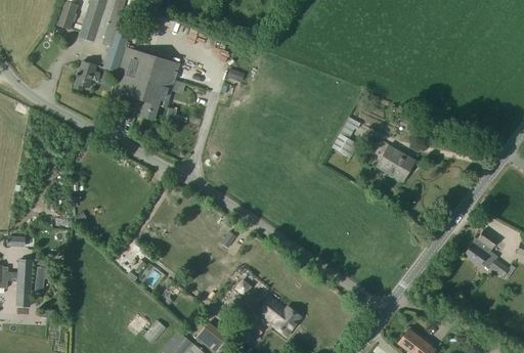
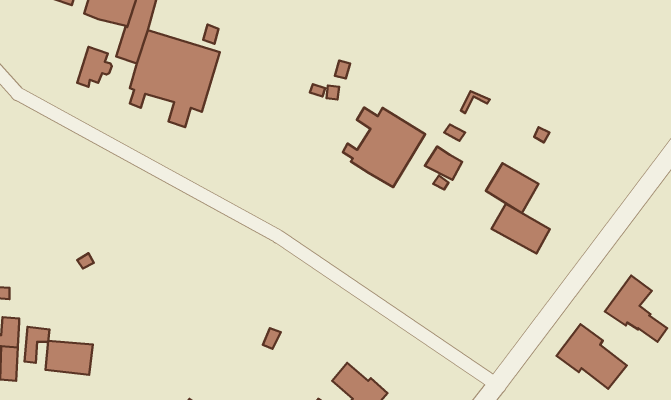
building: none -> [343,108,425,187]
building: none -> [491,204,550,254]
building: none -> [557,324,627,389]
building: none -> [46,341,93,375]

